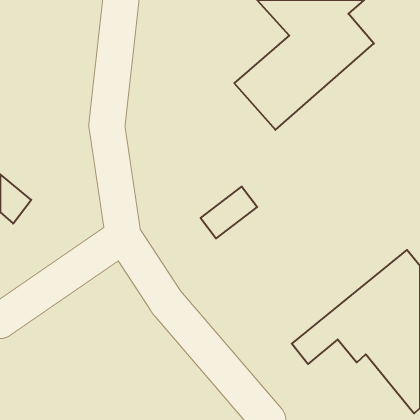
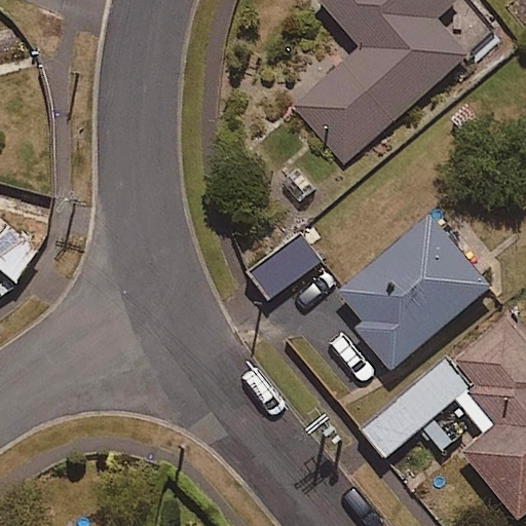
building: none -> [339,202,517,368]

